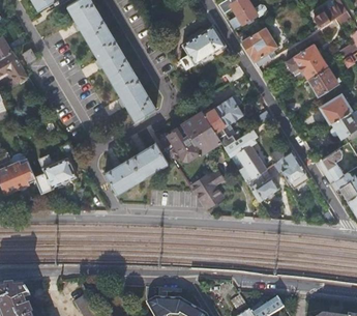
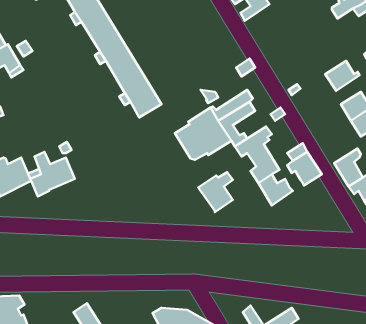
building: [182,24,226,63] -> none
building: [238,26,278,66] -> none
building: [286,44,328,79] -> none
building: [105,142,168,193] -> none

